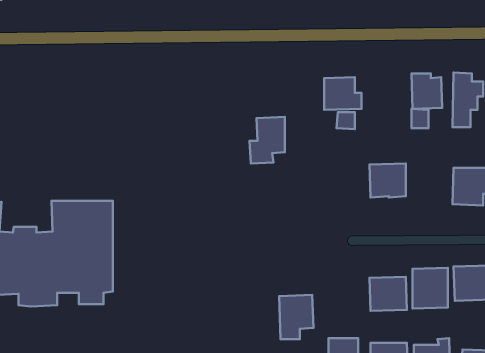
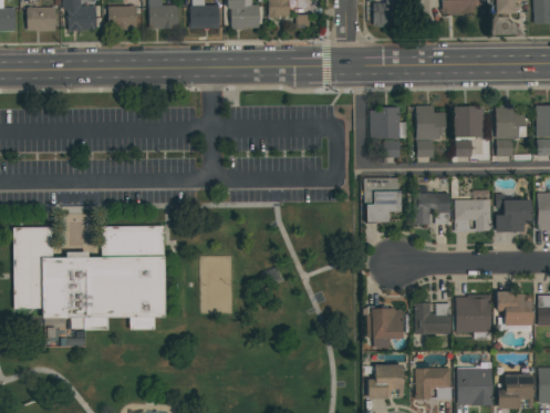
building: none -> [416,104,446,157]
building: [250,117,285,163] -> [365,178,399,224]
building: none -> [454,198,490,231]
building: [279,295,313,339] -> [370,304,403,348]

